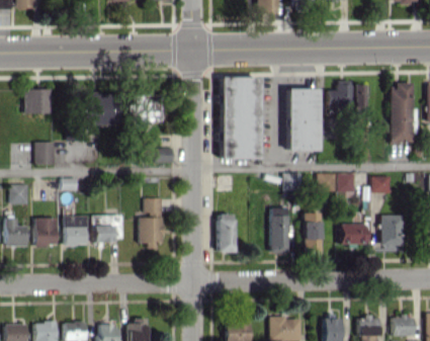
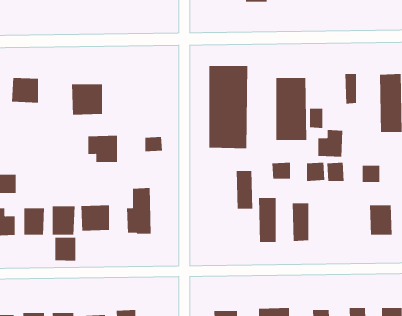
building: [328,81,353,108] -> [318,130,343,157]
building: [132,94,162,121] -> [87,135,118,163]
building: [36,142,56,164] -> none
building: [218,214,235,252] -> [236,171,253,209]
building: [340,224,367,244] -> none
building: none -> [55,237,76,262]

